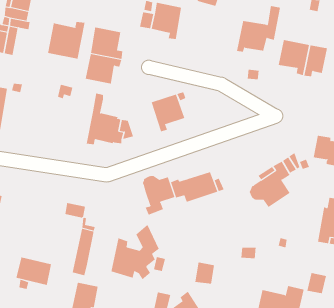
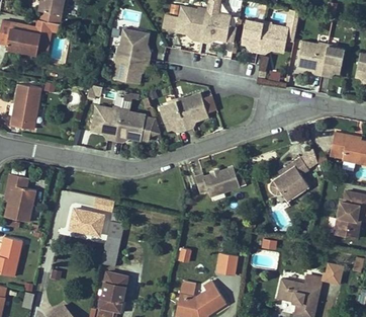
building: none -> [200,11,231,43]
building: none -> [241,19,263,53]
building: [47,21,85,59] -> none
building: none -> [159,101,185,133]
building: none -> [90,105,120,141]
building: [142,175,175,215] -> none
building: [111,224,160,280] -> none
building: [15,257,52,285] -> [69,209,103,236]

